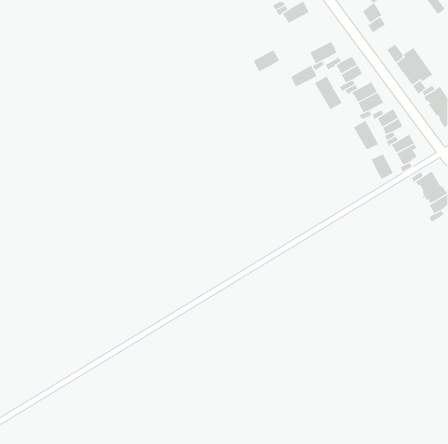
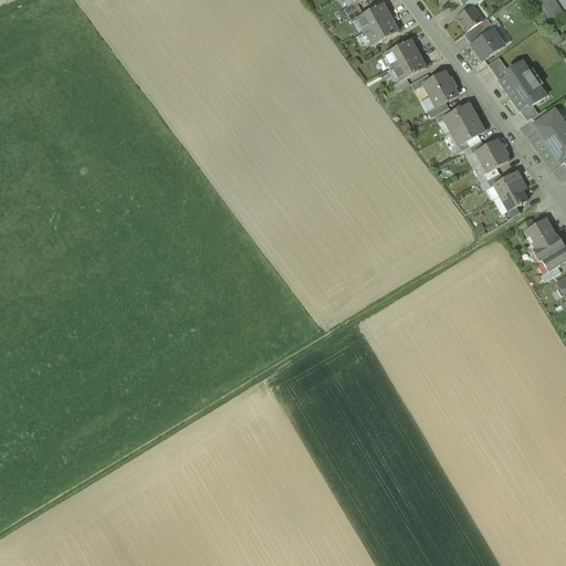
building: none -> [470,28,503,59]
building: [253,49,280,72] -> [364,15,398,44]
building: [290,65,318,87] -> [384,38,418,66]
building: [314,76,342,110] -> none
building: [353,120,379,150] -> none
building: [371,153,394,179] -> none

